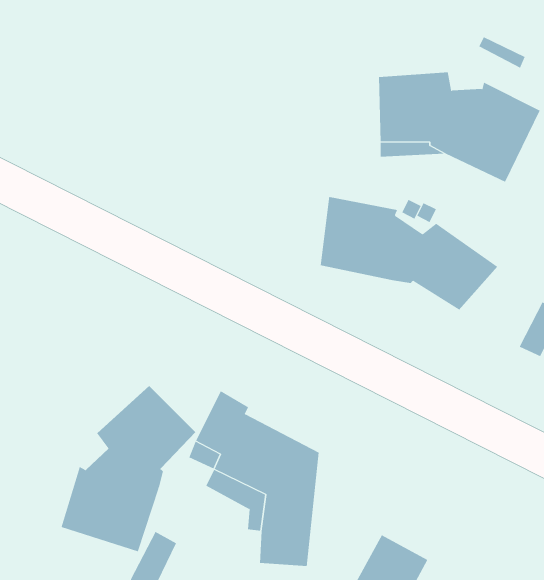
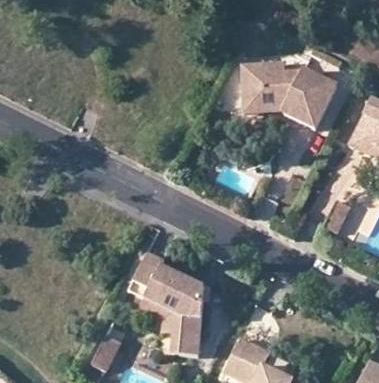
building: [320,196,498,310] -> none
building: [61,385,196,552] -> none

